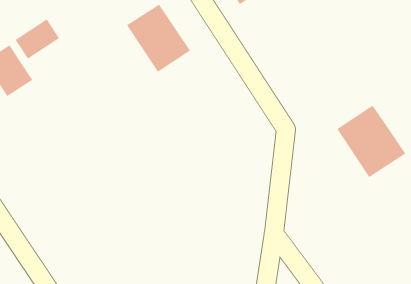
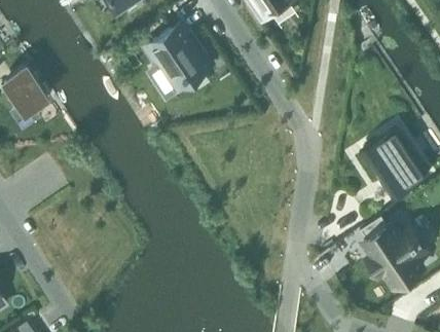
building: [15,18,60,59] -> none
building: none -> [360,217,423,290]

